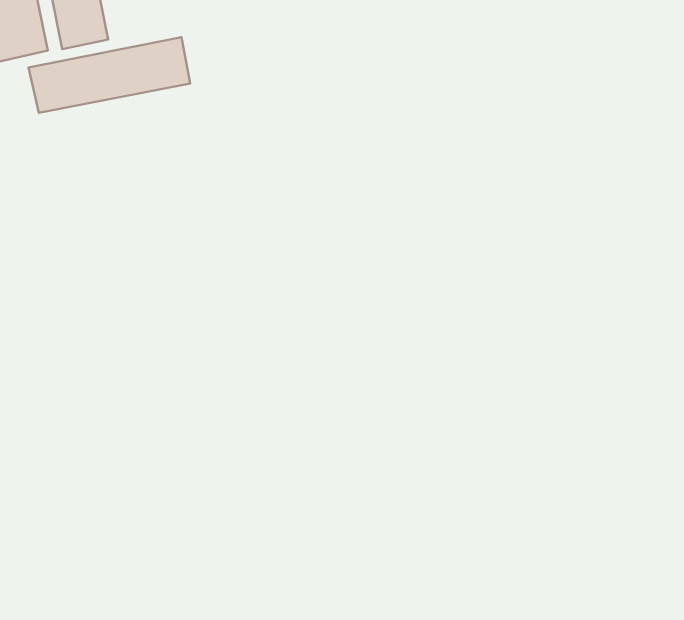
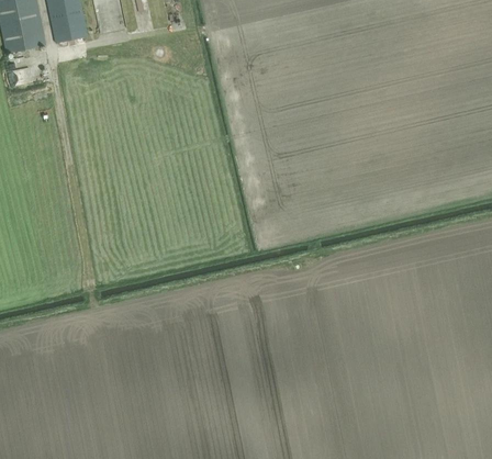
building: [28,37,190,113] -> none

